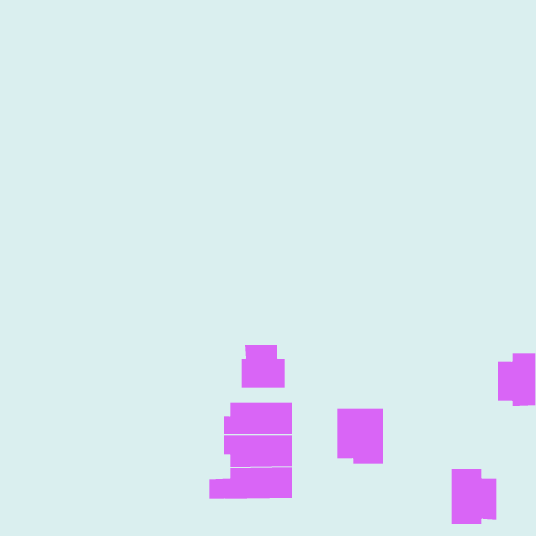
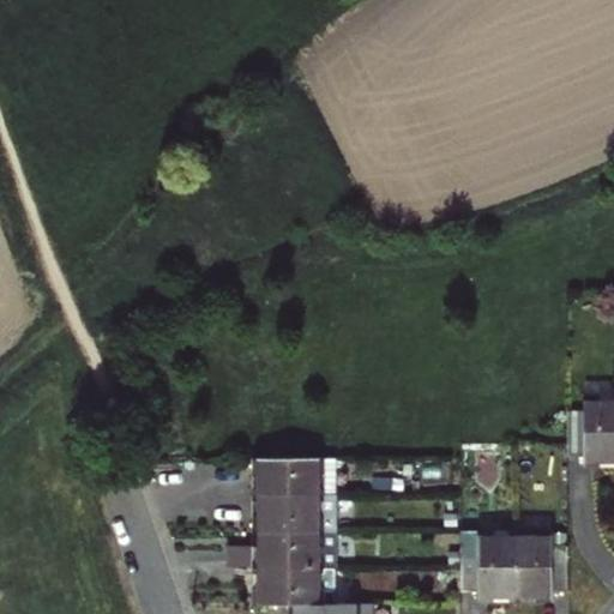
building: [241,344,285,388] -> none
building: [337,408,384,464] -> [459,536,513,600]
building: none -> [255,570,333,607]

